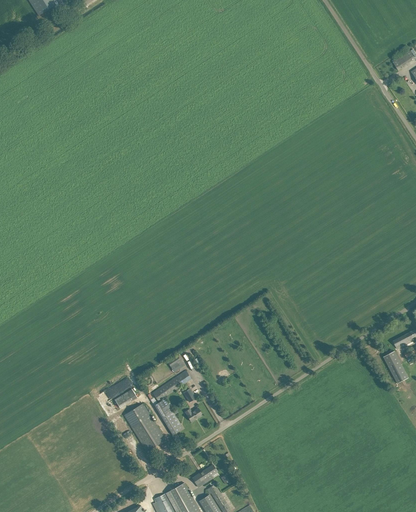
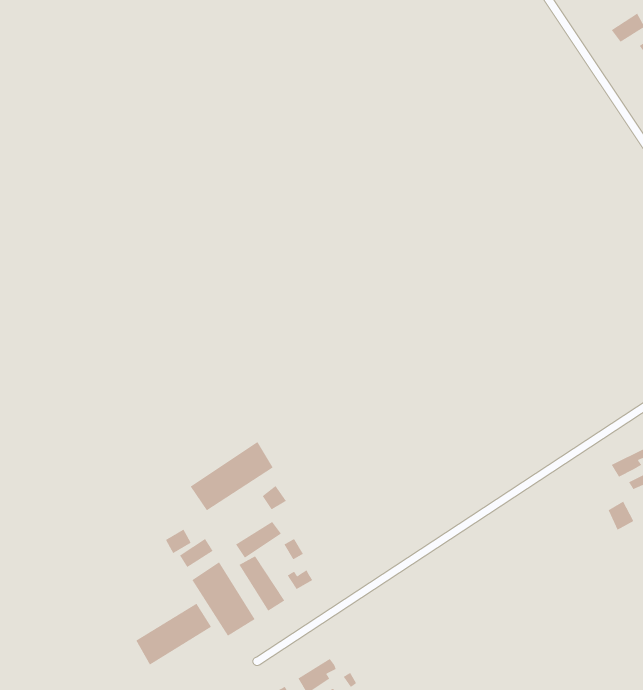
building: none -> [190,441,274,511]
building: none -> [136,603,212,665]

